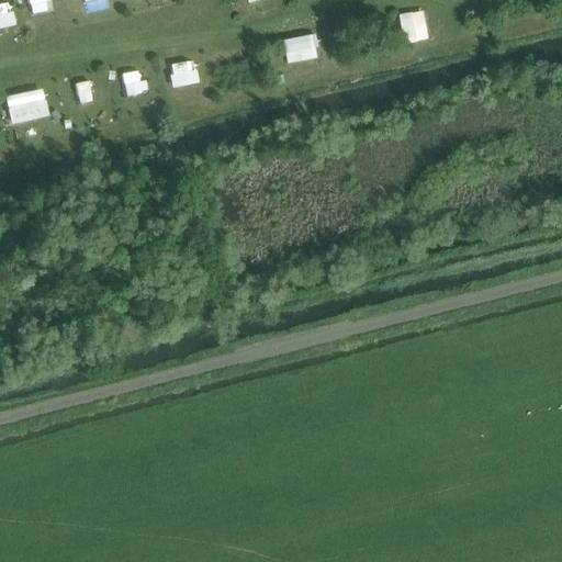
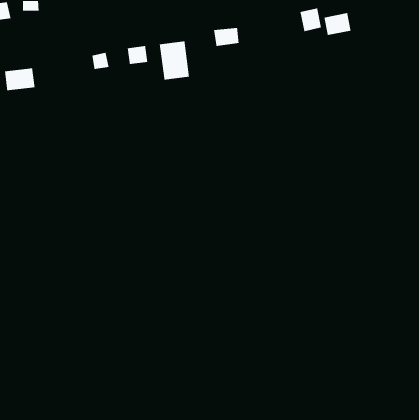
building: none -> [323,12,352,36]
building: none -> [159,40,190,81]

